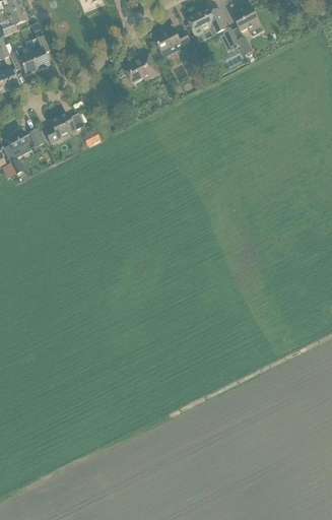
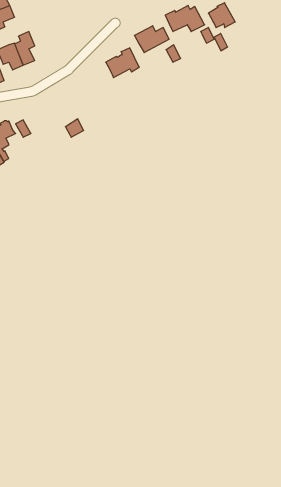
building: [45,113,83,143] -> none

